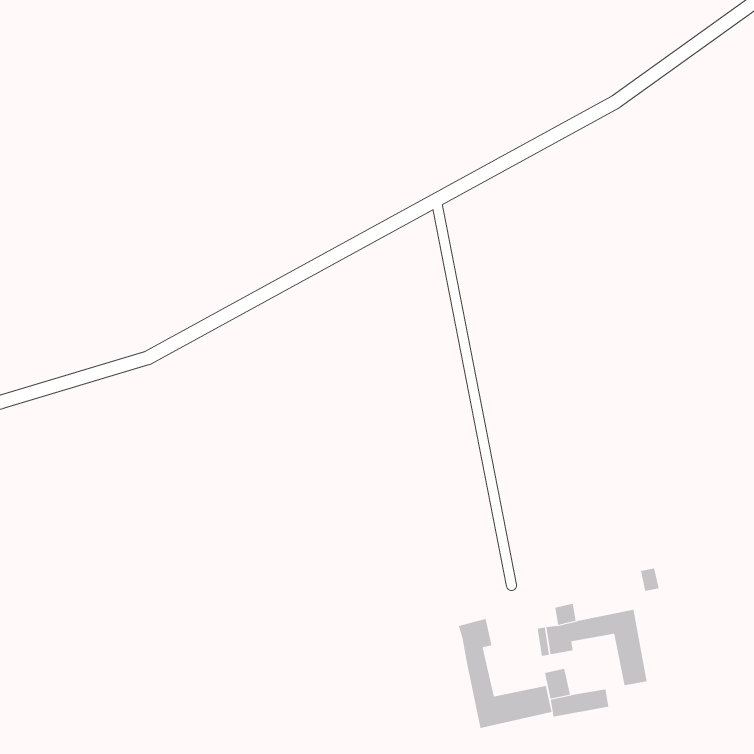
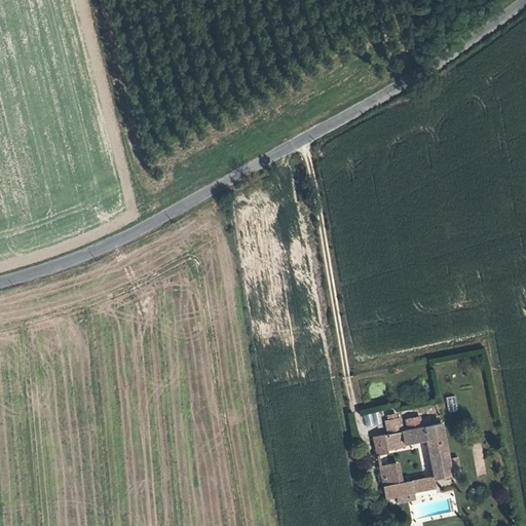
building: [458,618,552,729] -> none

